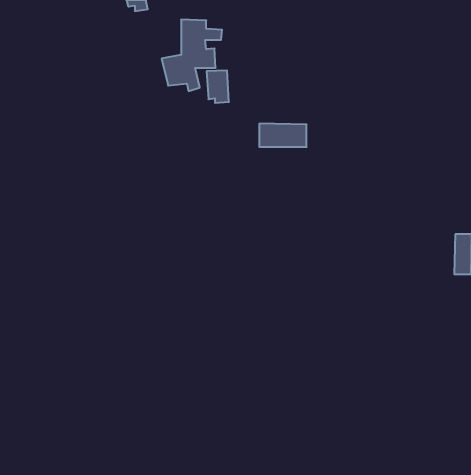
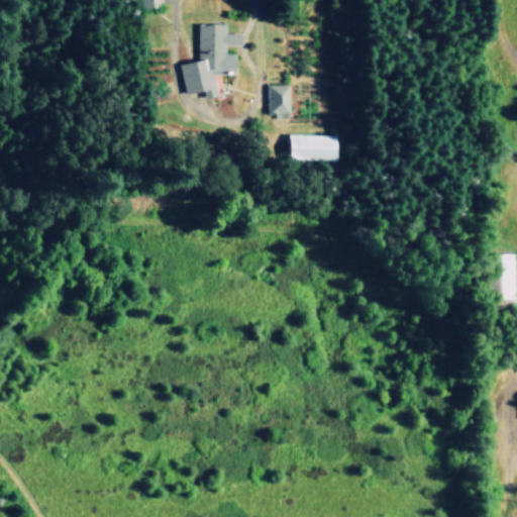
building: [207,70,229,103] -> [267,83,291,118]

